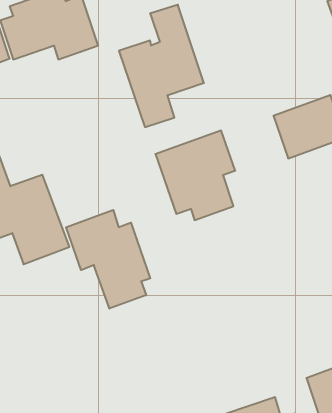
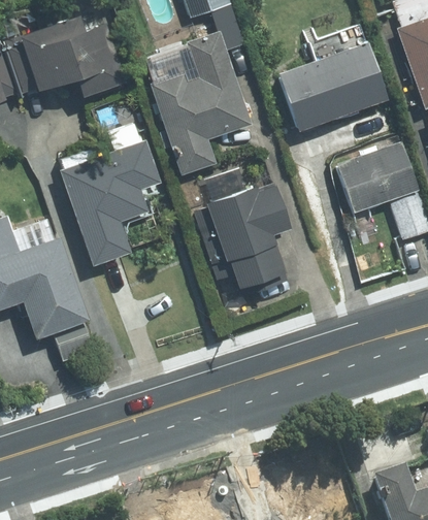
building: none -> [275,42,388,131]
building: none -> [58,121,165,266]
building: [66,210,150,309] -> none

